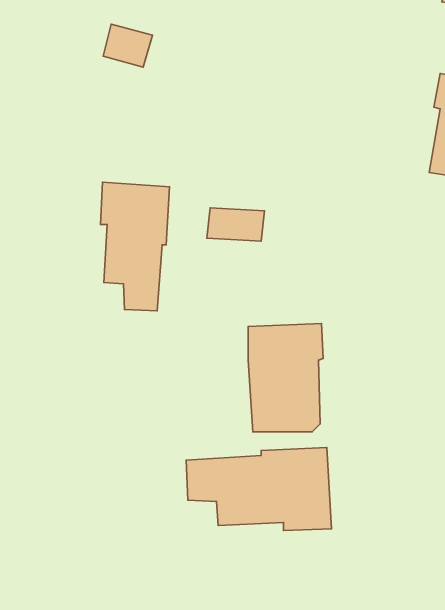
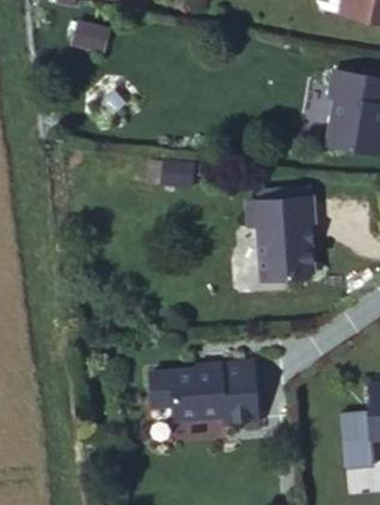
building: [101,182,169,311] -> none
building: [248,323,323,432] -> [258,196,315,278]

